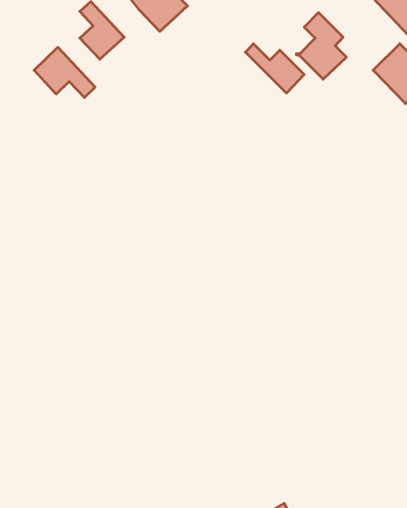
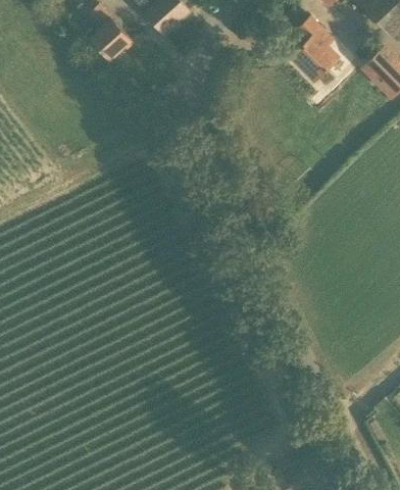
building: [245,44,304,93] -> none
building: [34,47,95,98] -> none

